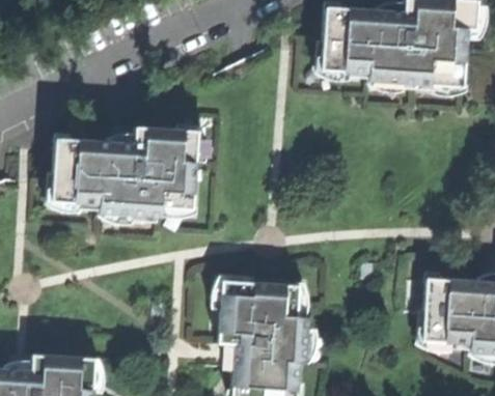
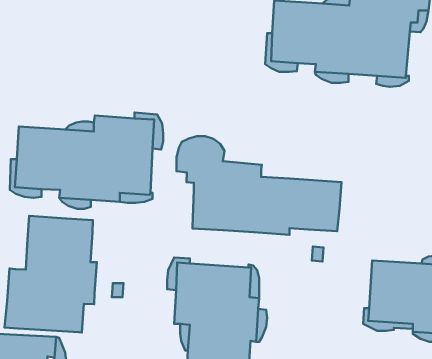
building: none -> [176,136,341,235]
building: none -> [5,216,97,333]

